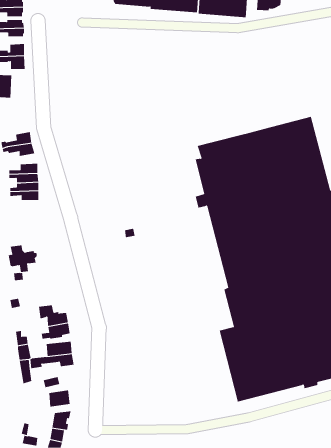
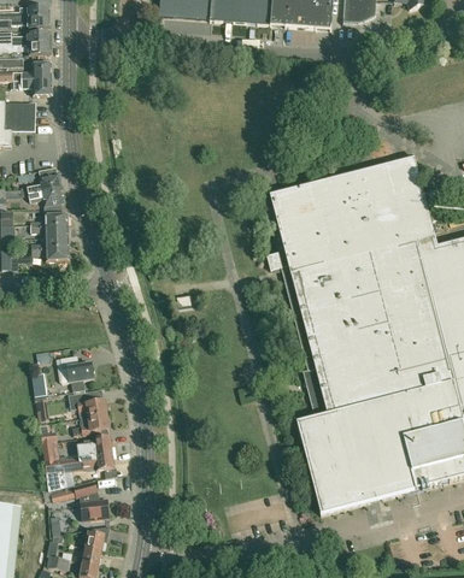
building: [8,245,37,272] -> [58,354,95,389]

